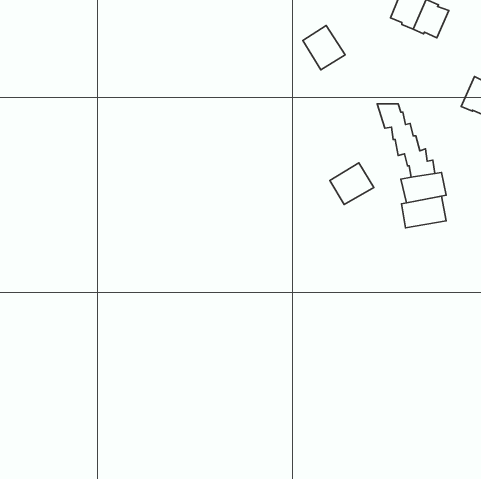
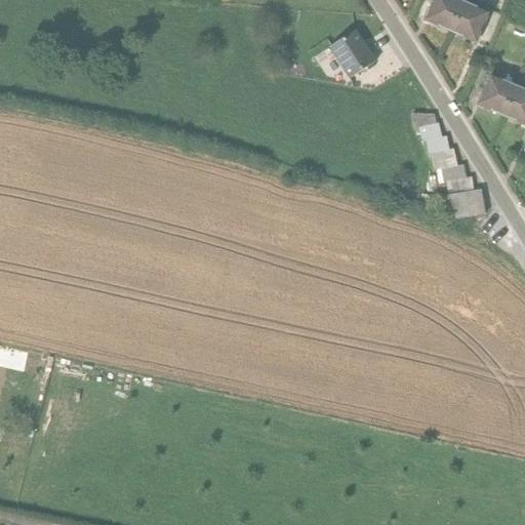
building: none -> [478,74,517,116]
building: [330,163,374,205] -> none
building: [402,196,446,228] -> none

